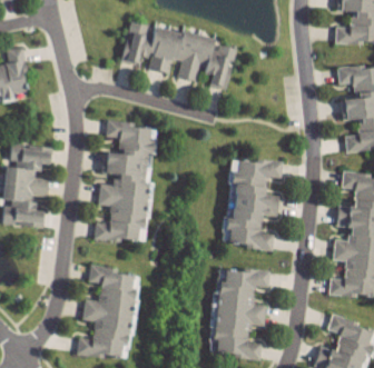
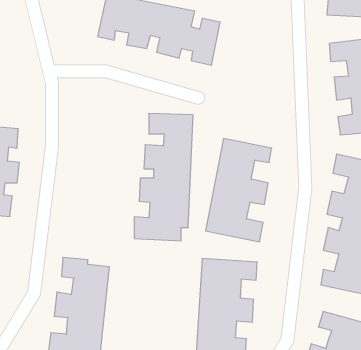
building: [96,123,150,241] -> [134,113,193,241]

